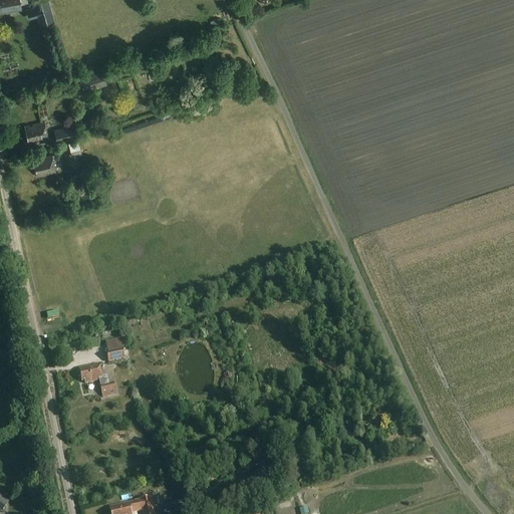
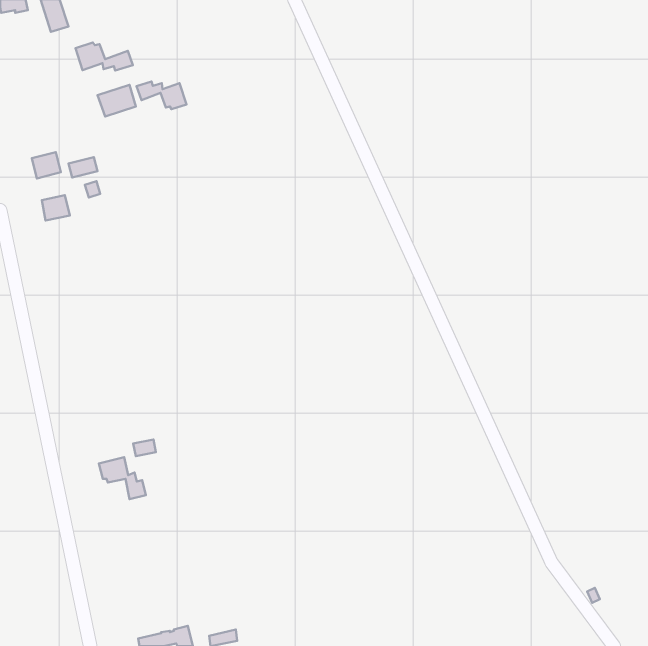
building: none -> [75,43,133,71]
building: none -> [137,82,186,109]

